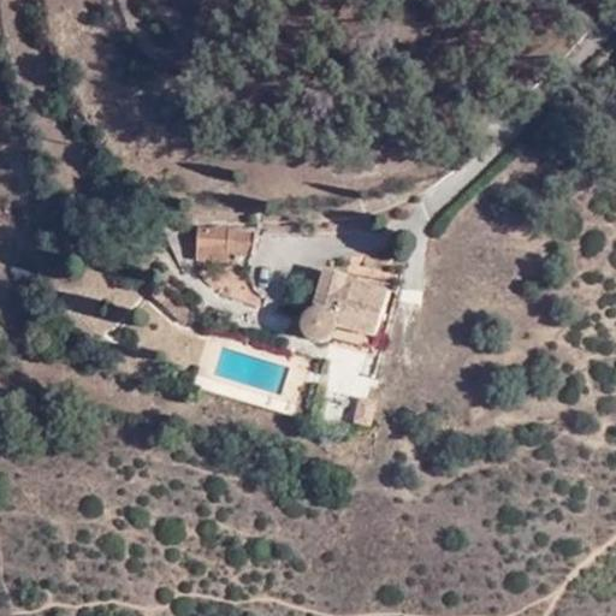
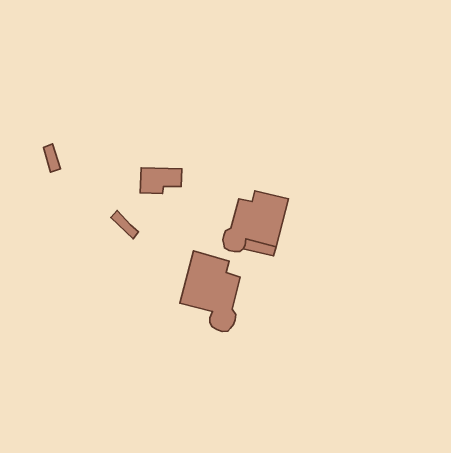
building: none -> [180,251,240,331]

